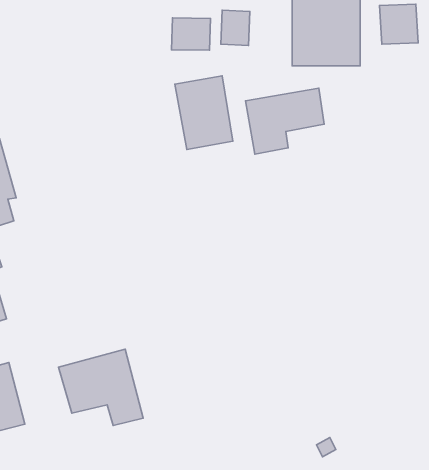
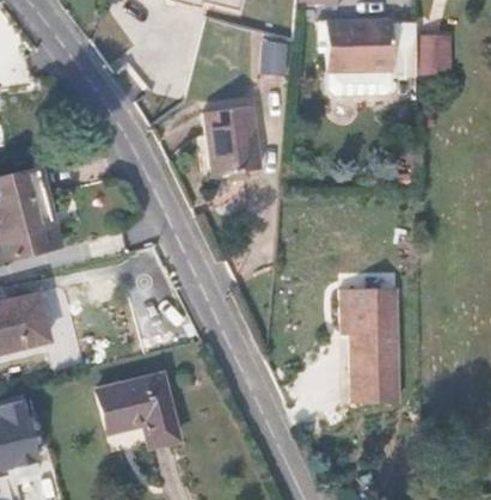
building: [171,18,211,50] -> none
building: [245,88,324,154] -> none
building: none -> [340,283,397,396]

